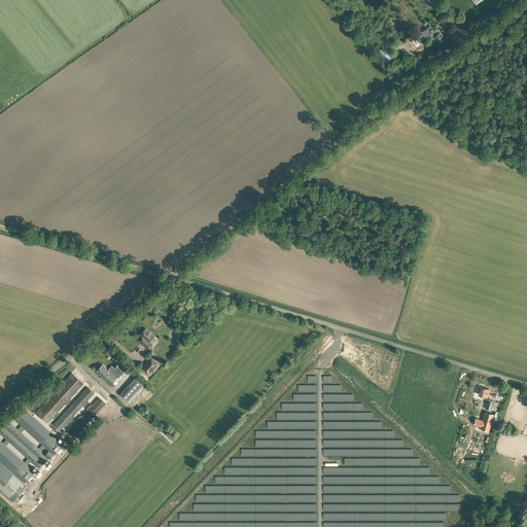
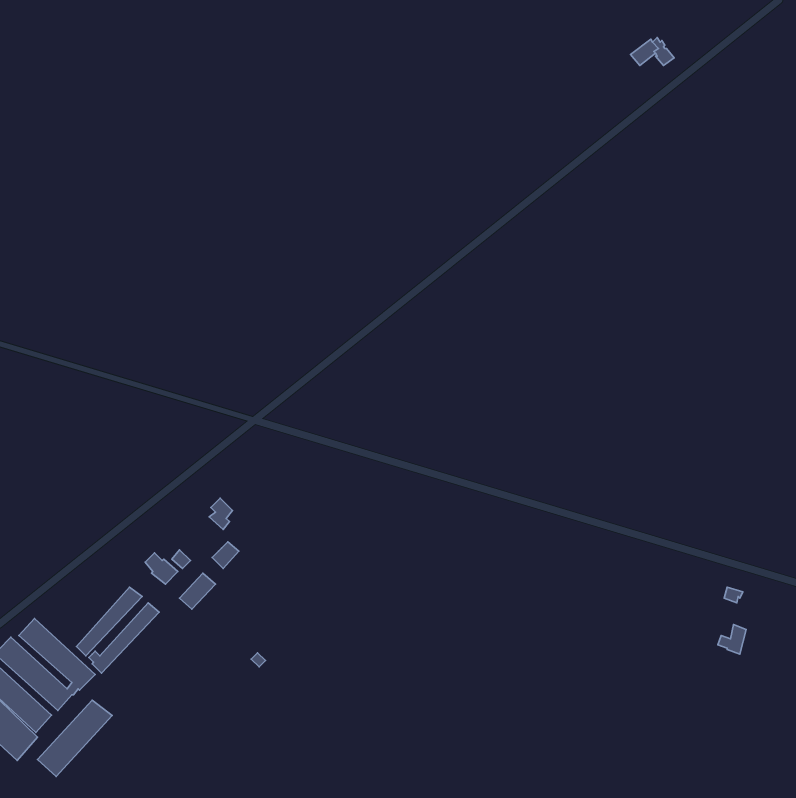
building: [34,373,83,423] -> [37,700,112,777]

